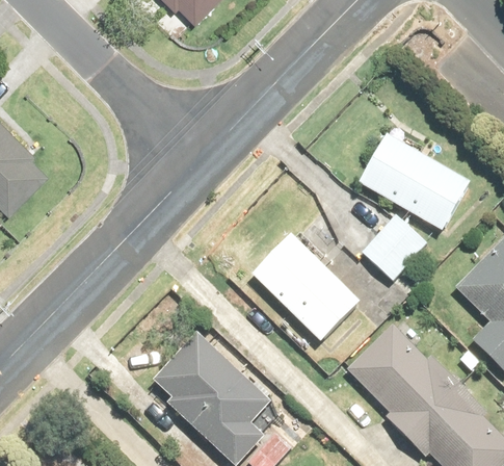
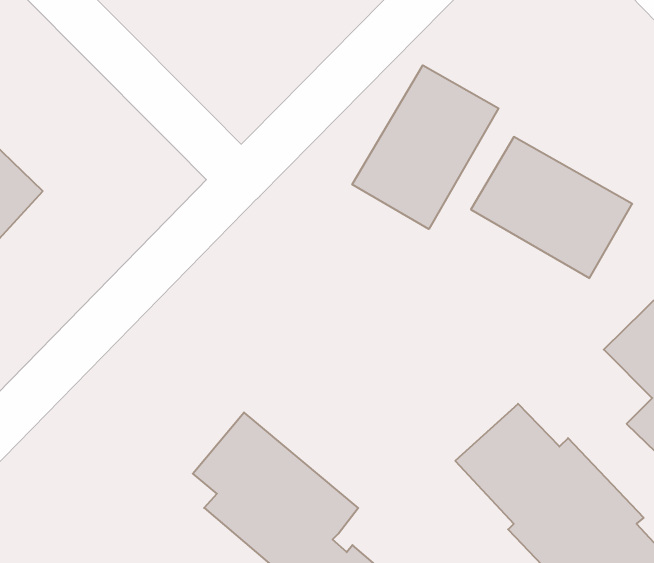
building: none -> [352,65,499,229]
building: [362,212,432,284] -> none
building: [254,234,362,342] -> none

